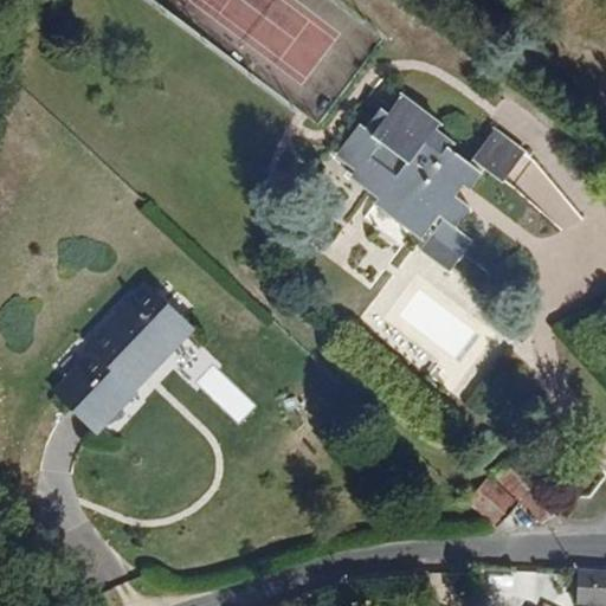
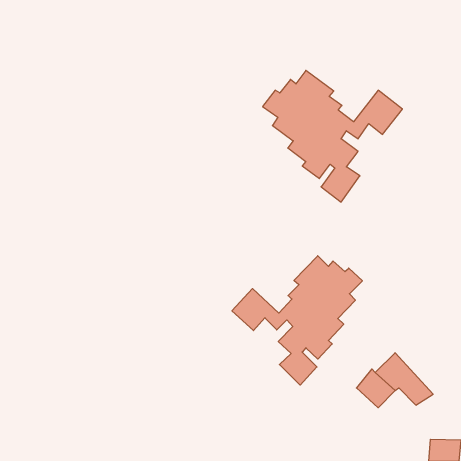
building: [56,297,189,445] -> none
building: none -> [232,256,362,385]

